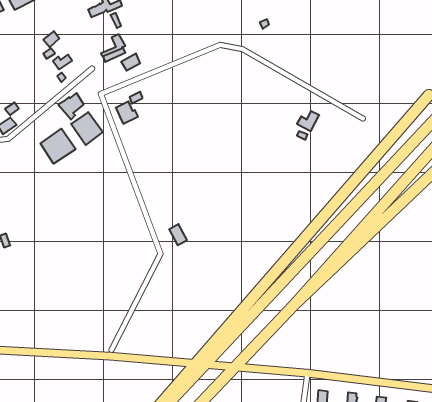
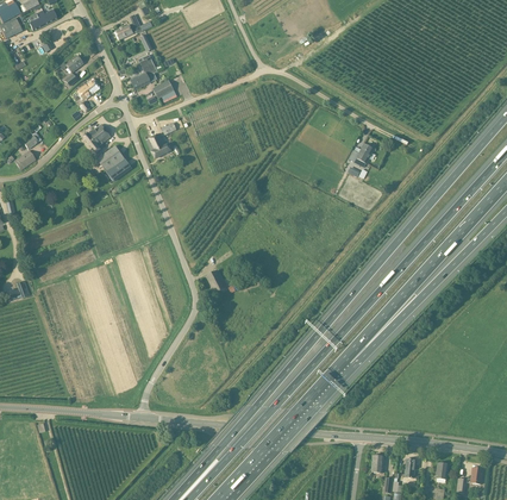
building: [40,129,76,164] -> none

